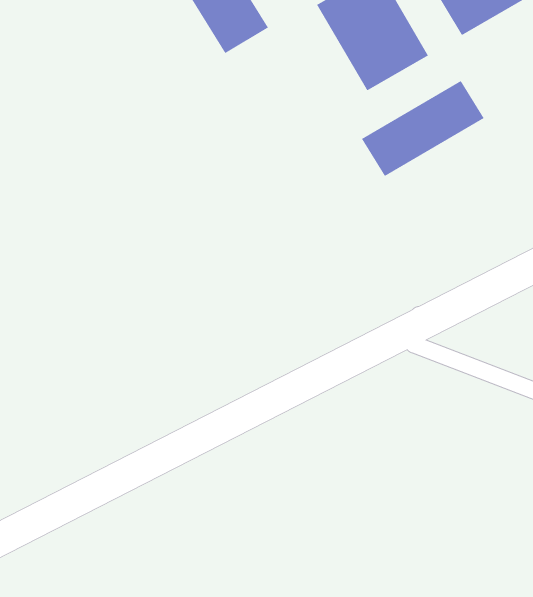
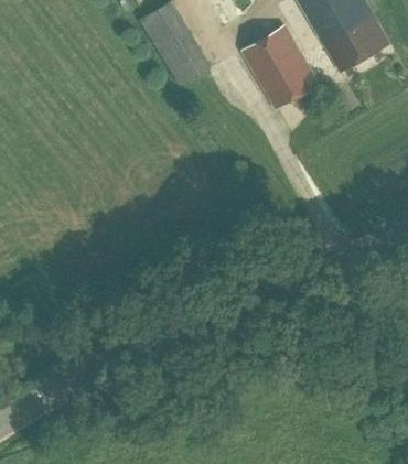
building: [361,80,485,177] -> none

